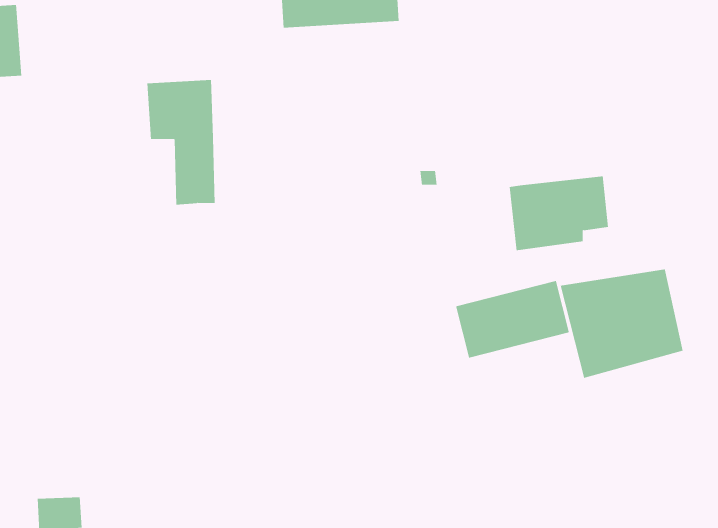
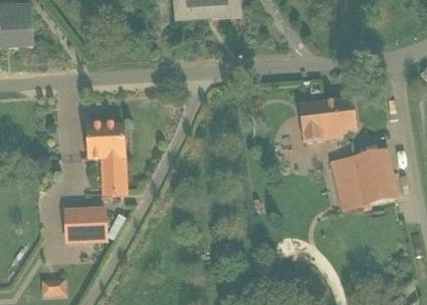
building: [146,79,216,205] -> [87,124,126,194]
building: [455,280,570,358] -> none
building: none -> [64,208,108,242]

